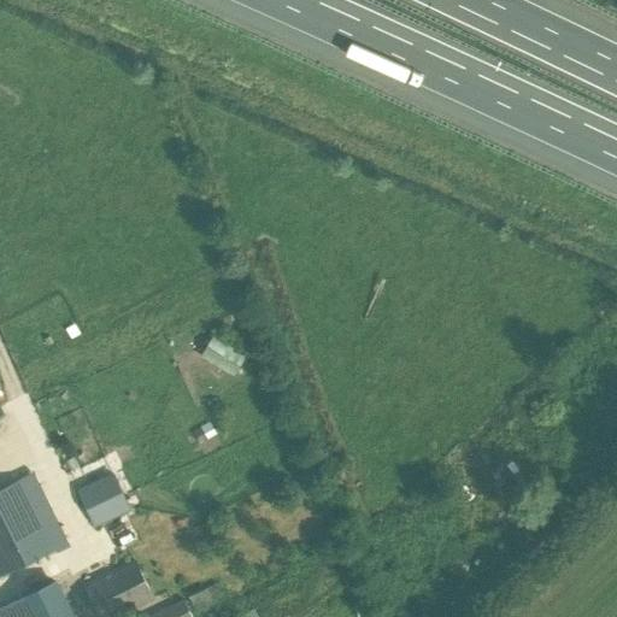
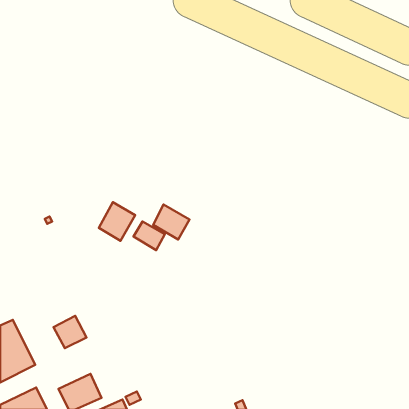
building: none -> [99,202,135,241]
building: none -> [153,205,190,240]

